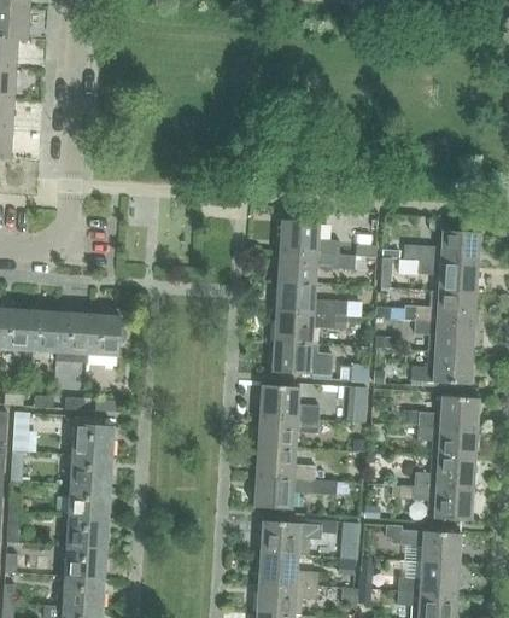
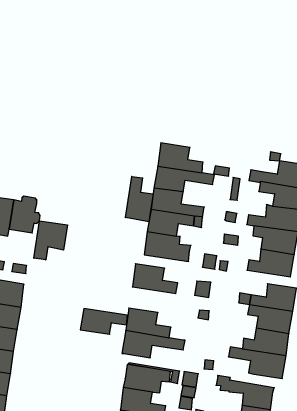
building: none -> [125,176,153,222]
building: none -> [34,221,67,260]
building: [257,416,318,448] -> [80,309,127,334]

